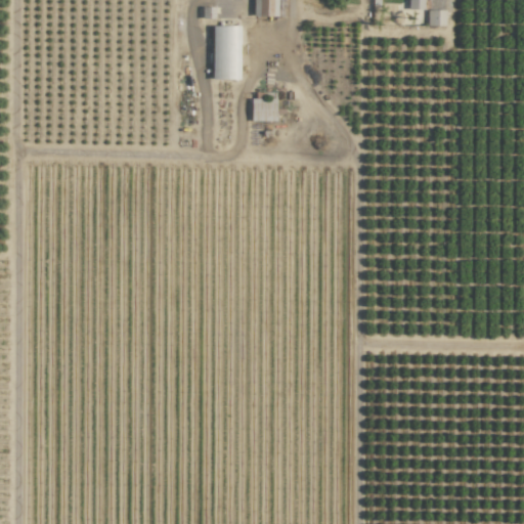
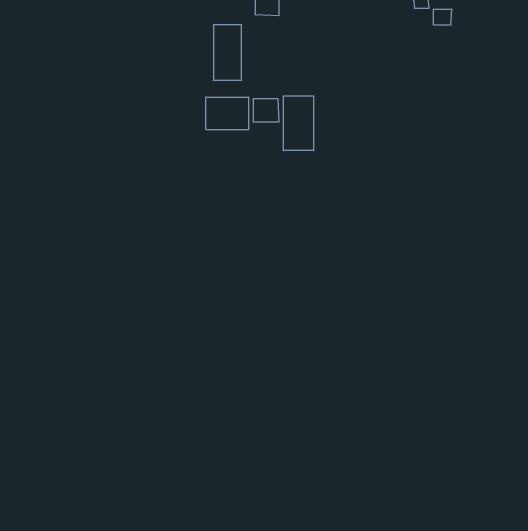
building: none -> [283,96,314,151]
building: none -> [206,97,248,130]

